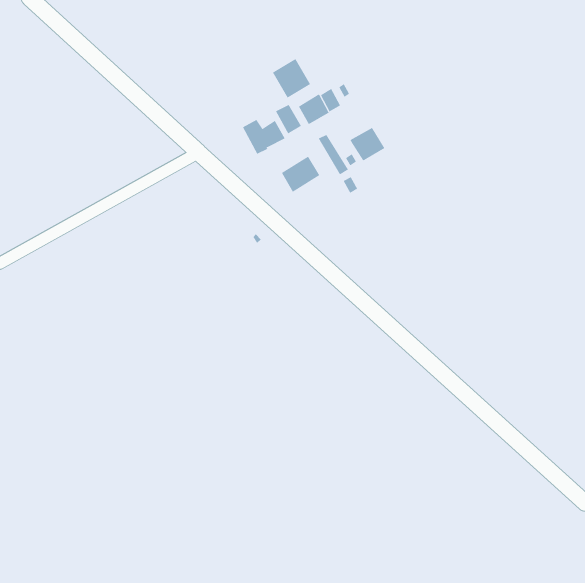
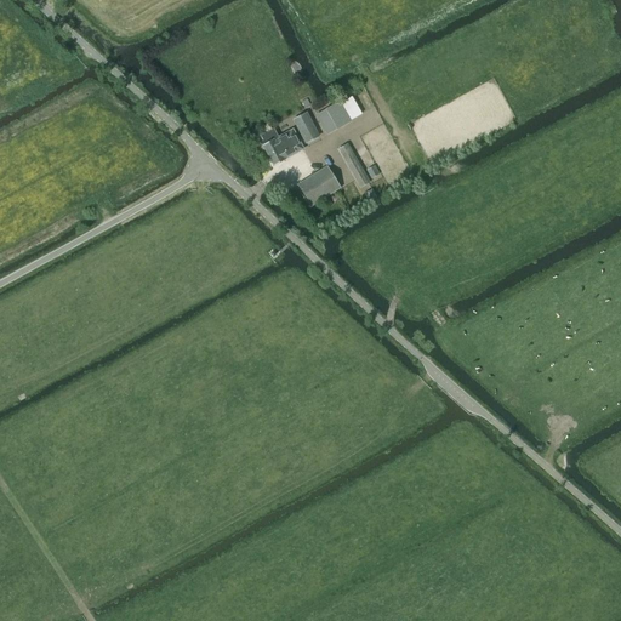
building: [272,58,311,99] -> none
building: [350,127,385,162] -> none

